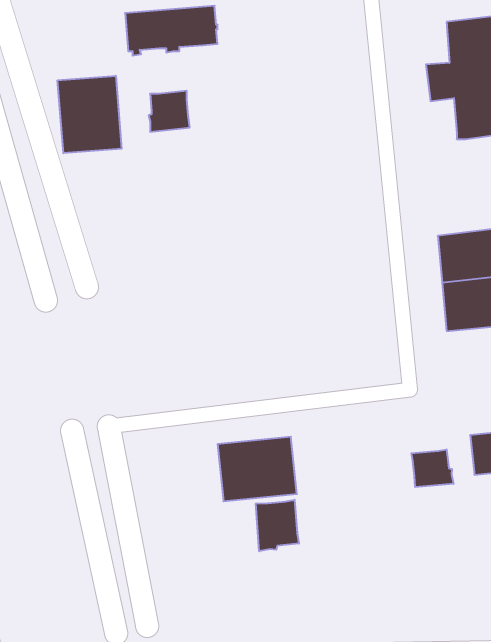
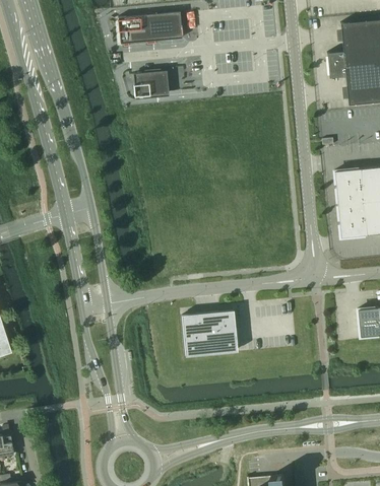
building: [58,76,122,153] -> none
building: [411,449,453,487] -> none
building: [256,500,299,551] -> none

